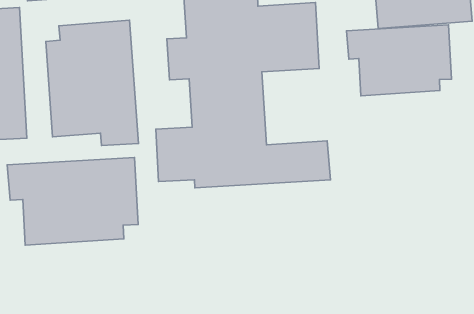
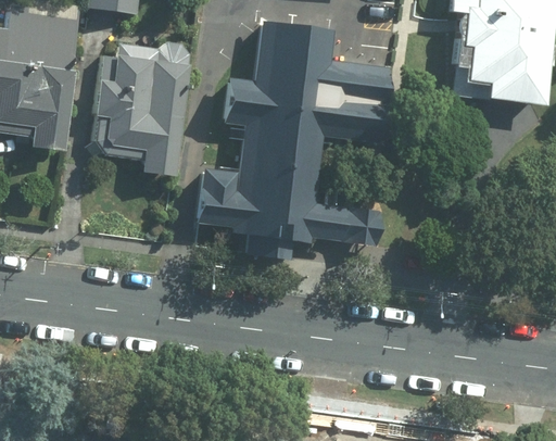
building: [346,25,451,96] -> none
building: [7,157,138,245] -> none

